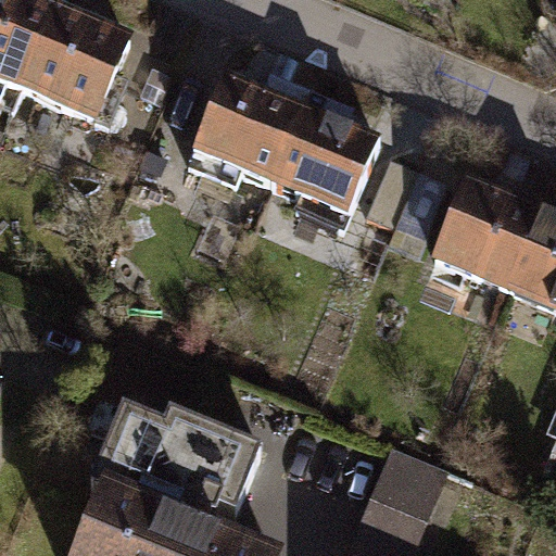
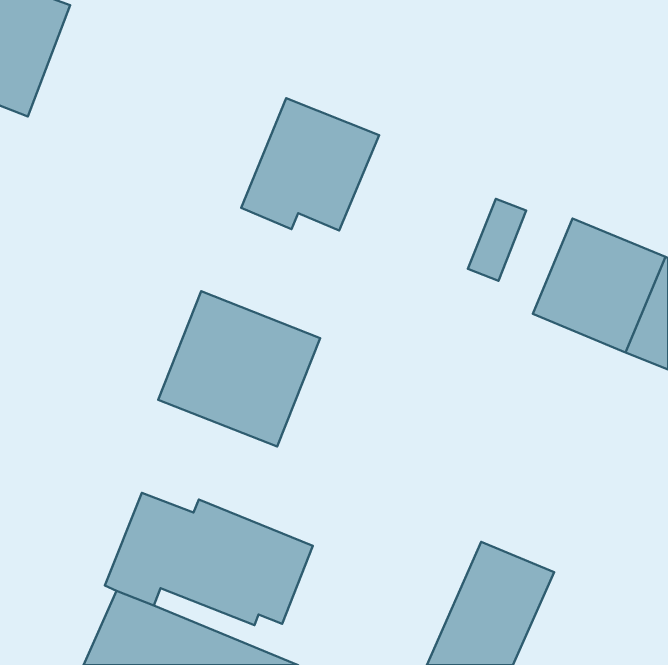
building: [23,4,138,132] -> none
building: [278,96,387,232] -> none
building: none -> [158,291,320,447]

